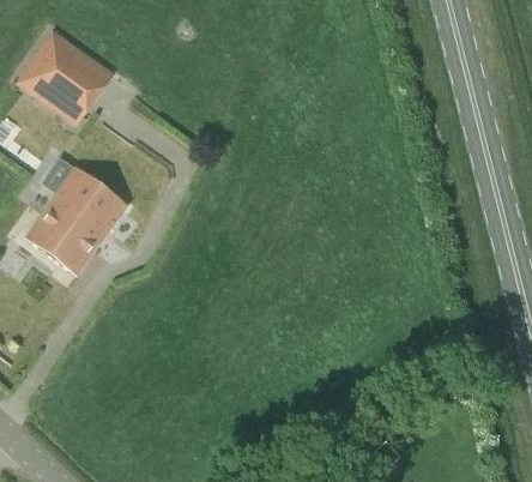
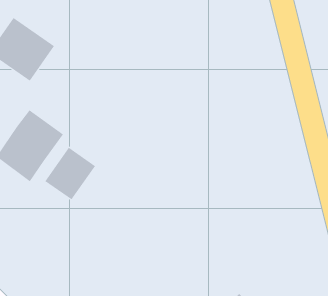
building: none -> [44,147,96,200]

